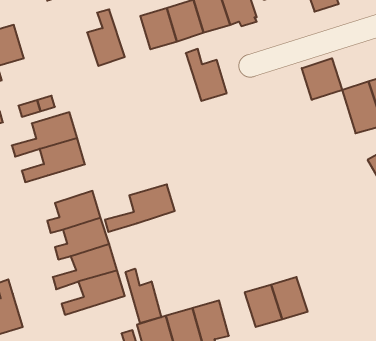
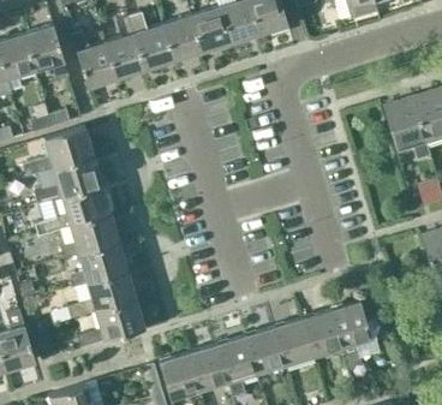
building: none -> [25,24,68,82]
building: none -> [71,30,117,87]
building: [186,49,227,101] -> [129,12,173,69]
building: [302,58,342,100] -> none
building: [105,184,175,232] -> [35,185,110,237]
building: [126,269,161,323] -> none
building: none -> [332,299,370,369]
building: none -> [247,324,287,371]

